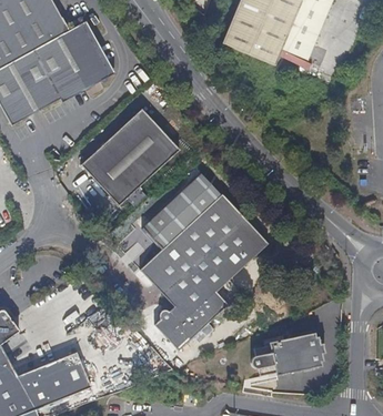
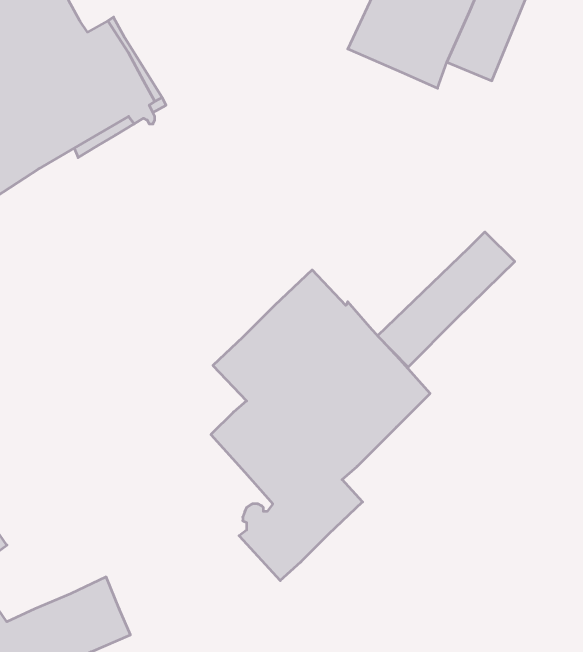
building: [79,106,179,204] -> none
building: none -> [378,232,515,367]
building: [264,336,329,374] -> none

